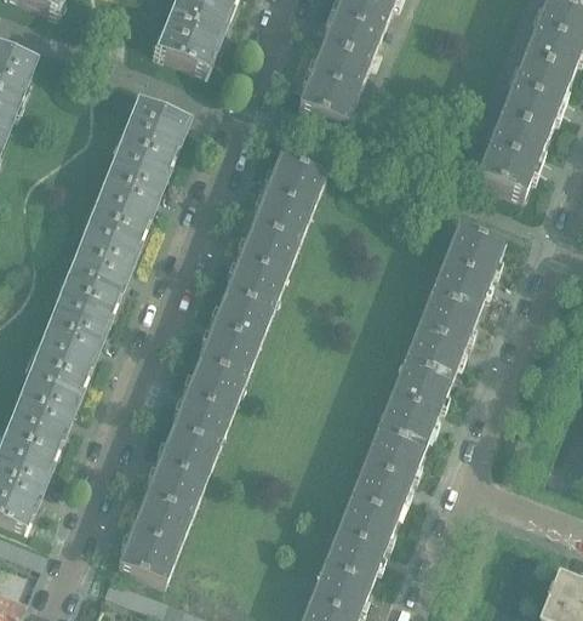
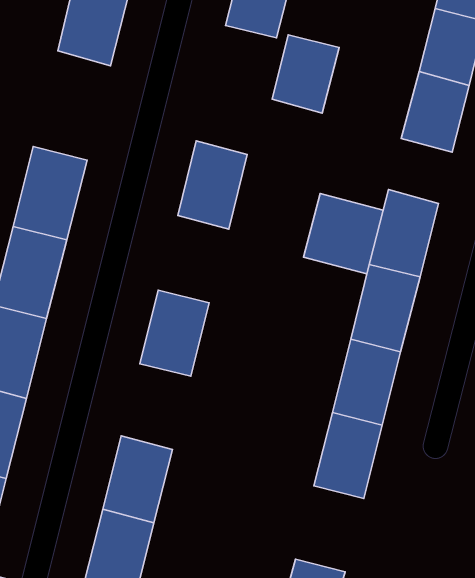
building: [297,52,367,131] -> [272,35,339,113]
building: [121,104,187,164] -> none
building: none -> [304,194,383,274]
building: [223,228,298,315] -> none
building: [170,365,244,451] -> none
building: [321,503,394,589] -> none

